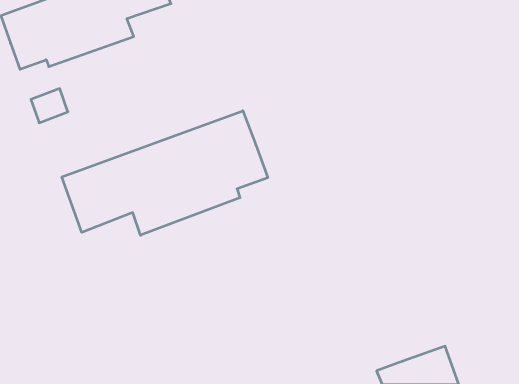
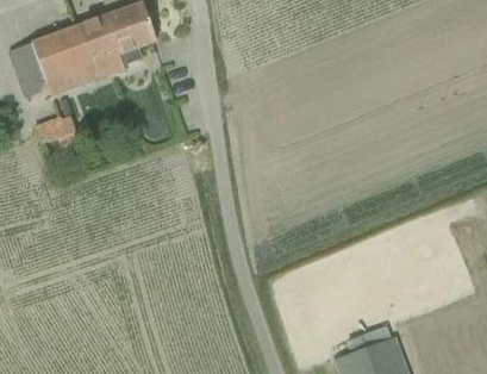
building: [62,111,268,235] -> none

